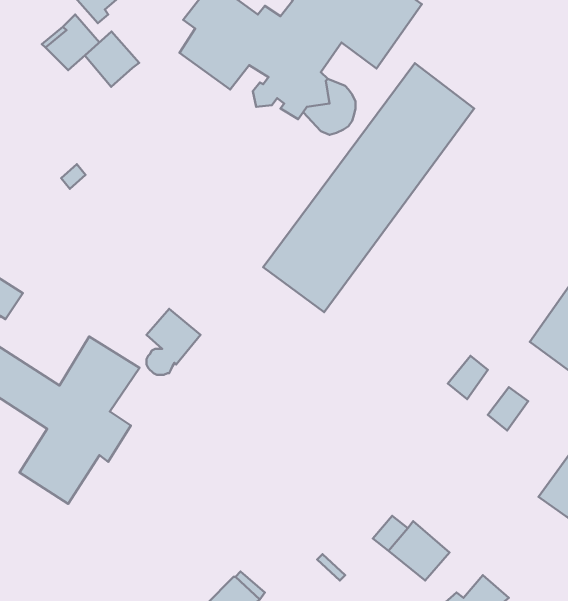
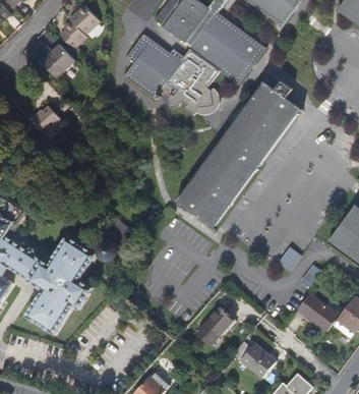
building: [85,32,139,87] -> none
building: none -> [27,109,59,137]
building: none -> [298,295,339,333]
building: none -> [199,308,237,346]

